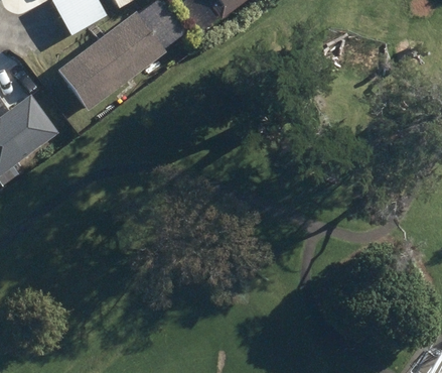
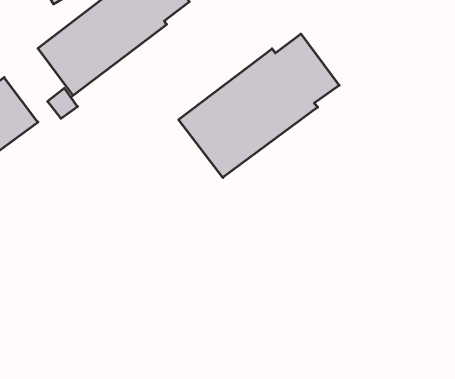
building: none -> [179,34,339,178]

